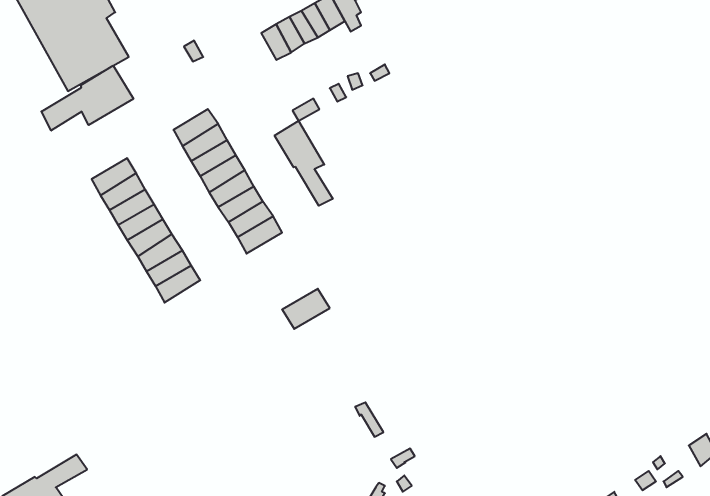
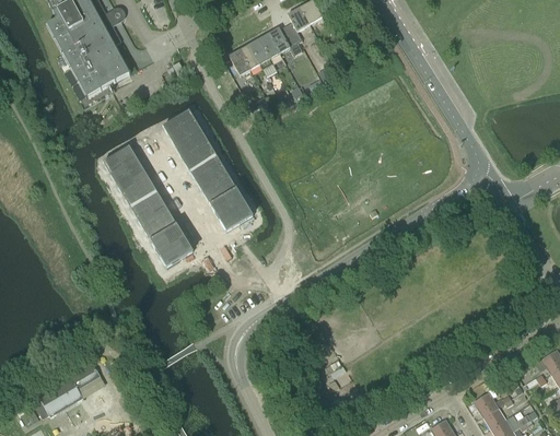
building: [41,66,133,131] -> none
building: [275,121,333,206] -> none
building: none -> [158,236,192,267]
building: [282,289,330,329] -> [218,201,253,231]

